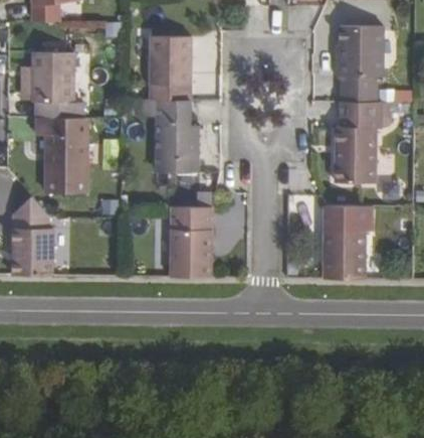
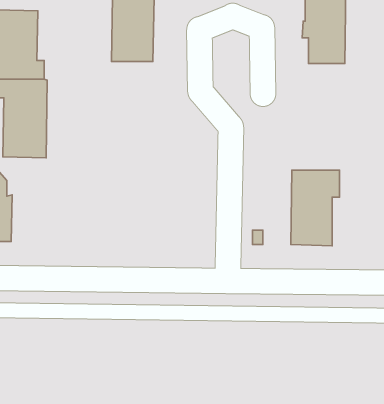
building: [137,98,199,171] -> none
building: [336,101,376,176] -> none
building: [170,205,211,276] -> none

